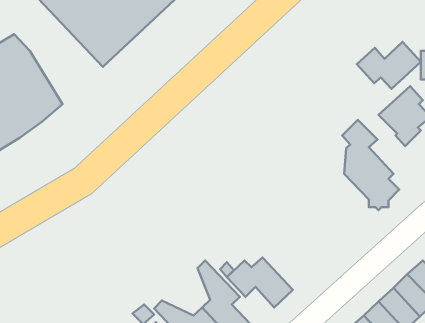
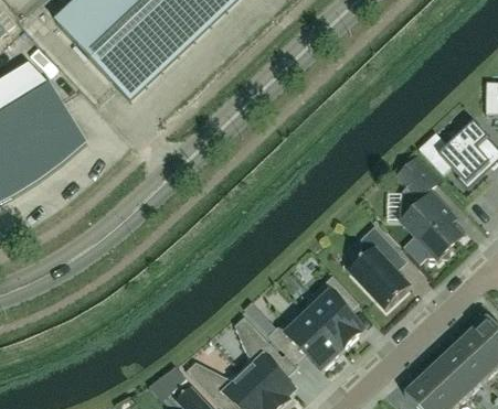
building: [357,42,421,89] -> none
building: none -> [350,224,410,306]
building: none -> [308,272,363,347]

